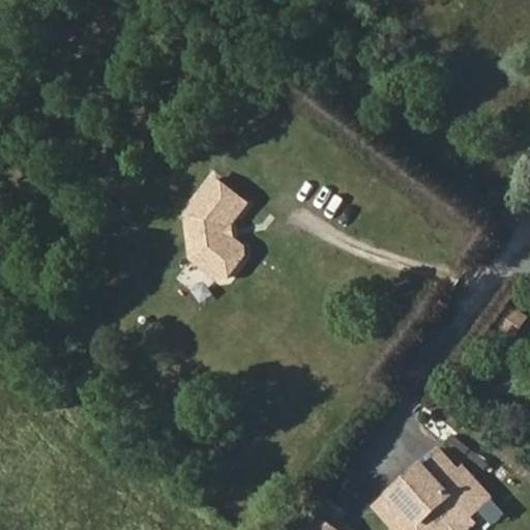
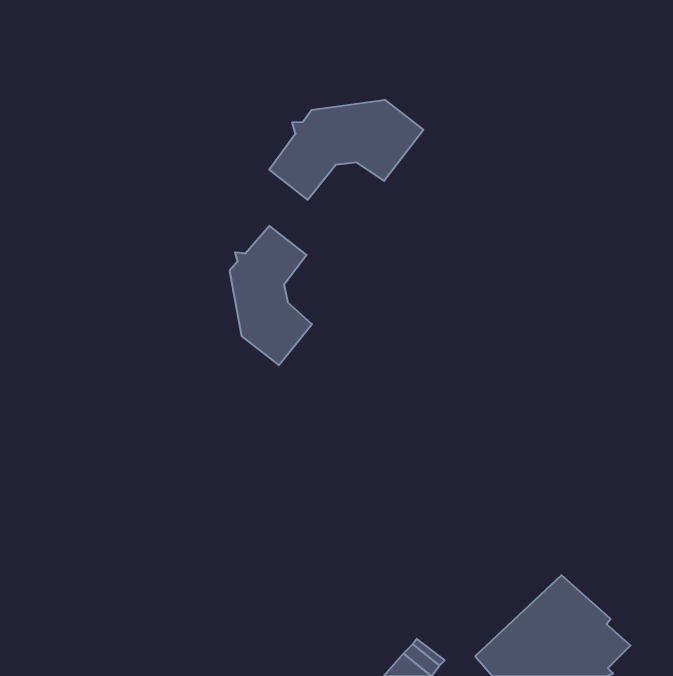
building: none -> [269,100,423,200]

